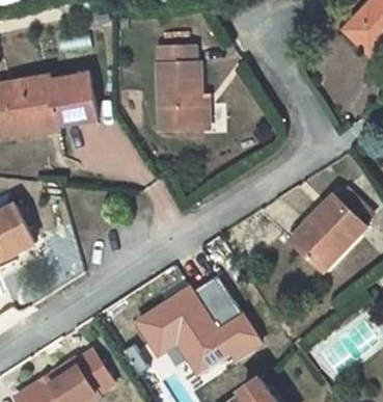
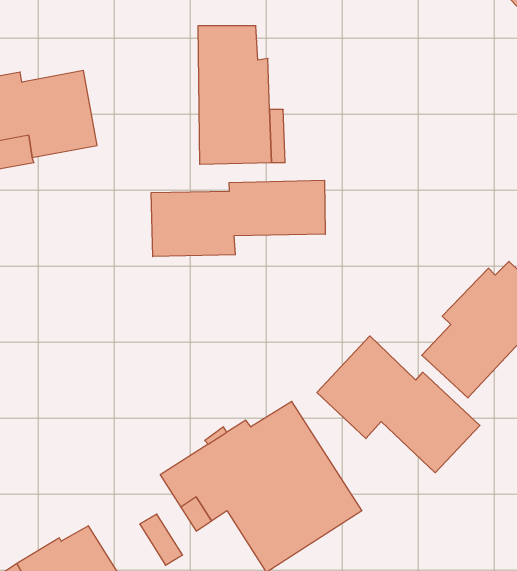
building: none -> [151,180,325,257]
building: none -> [317,336,480,473]

